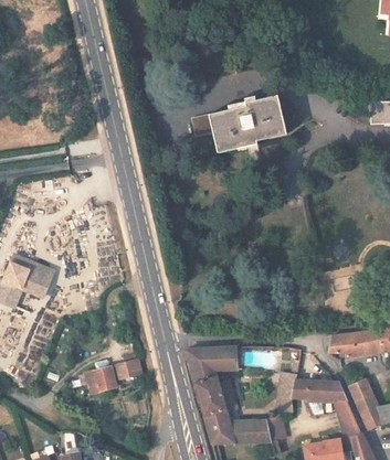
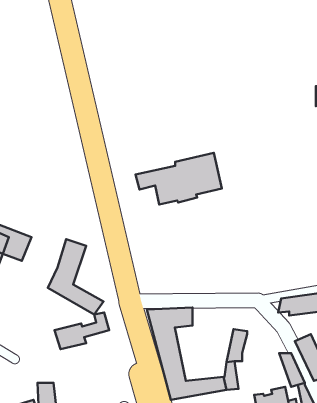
building: [189,95,285,152] -> [135,153,222,204]
building: none -> [48,239,103,314]
building: [292,377,345,398] -> none

